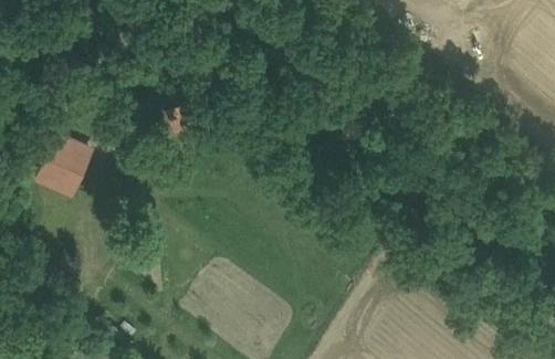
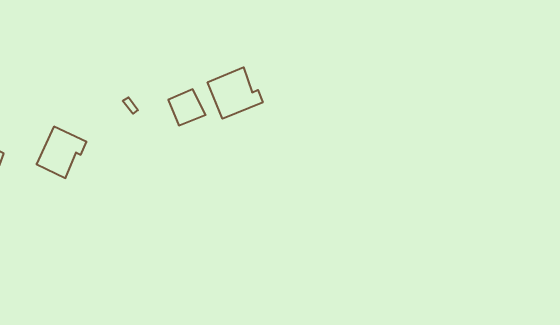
building: none -> [208,67,263,119]

